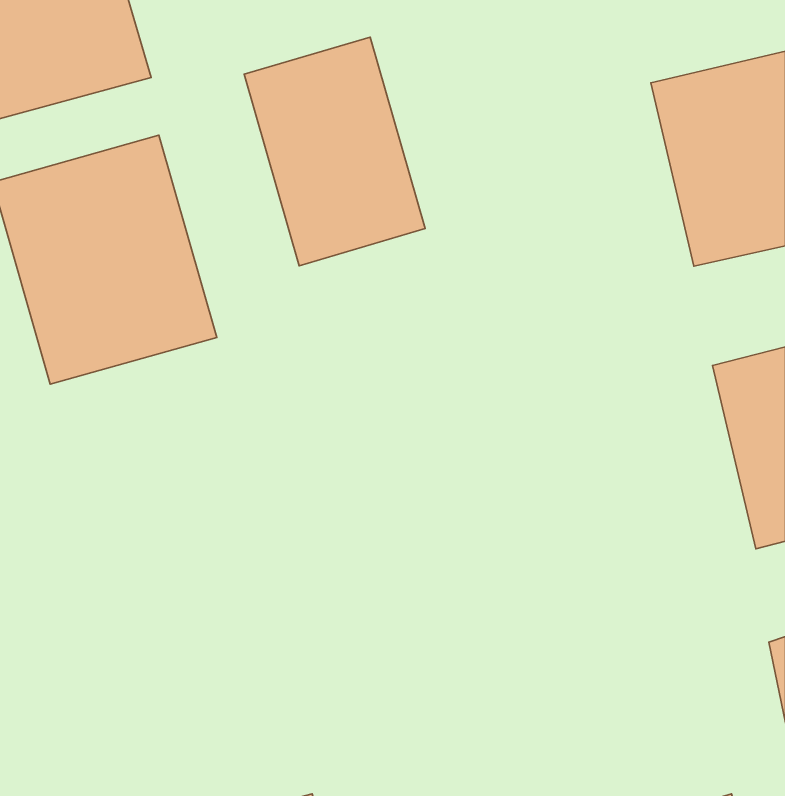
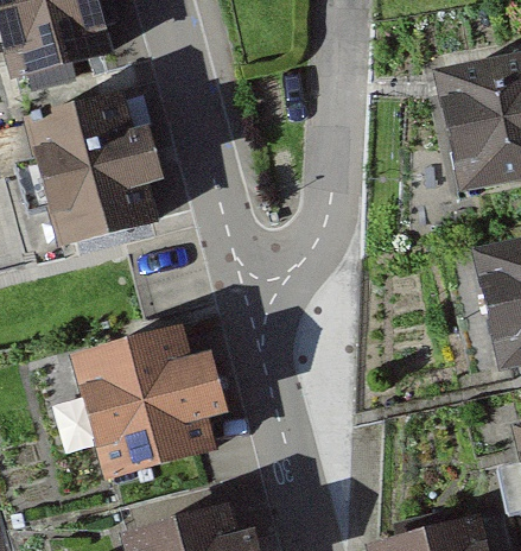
building: [244,37,425,266] -> none
building: none -> [84,331,247,483]

